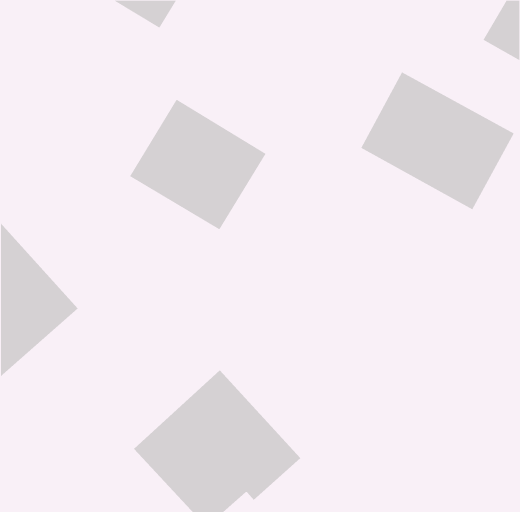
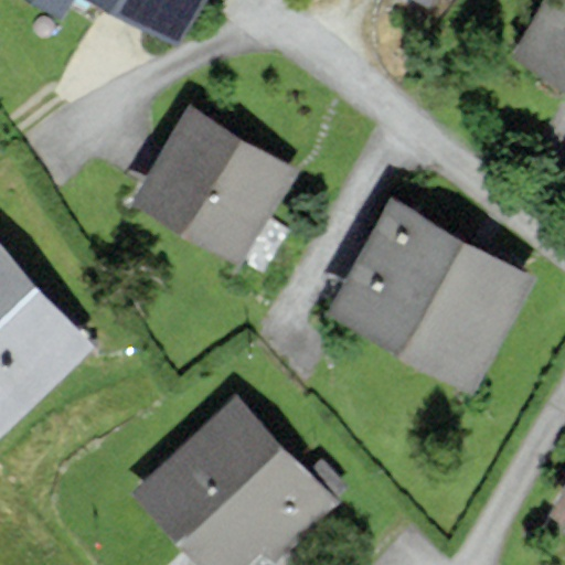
building: [361,72,515,210] -> none
building: none -> [339,206,525,376]

